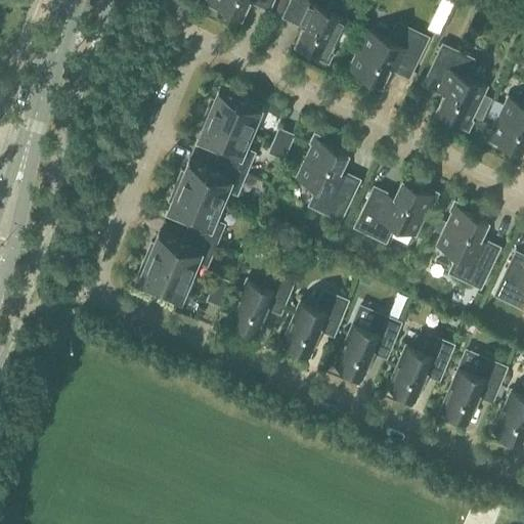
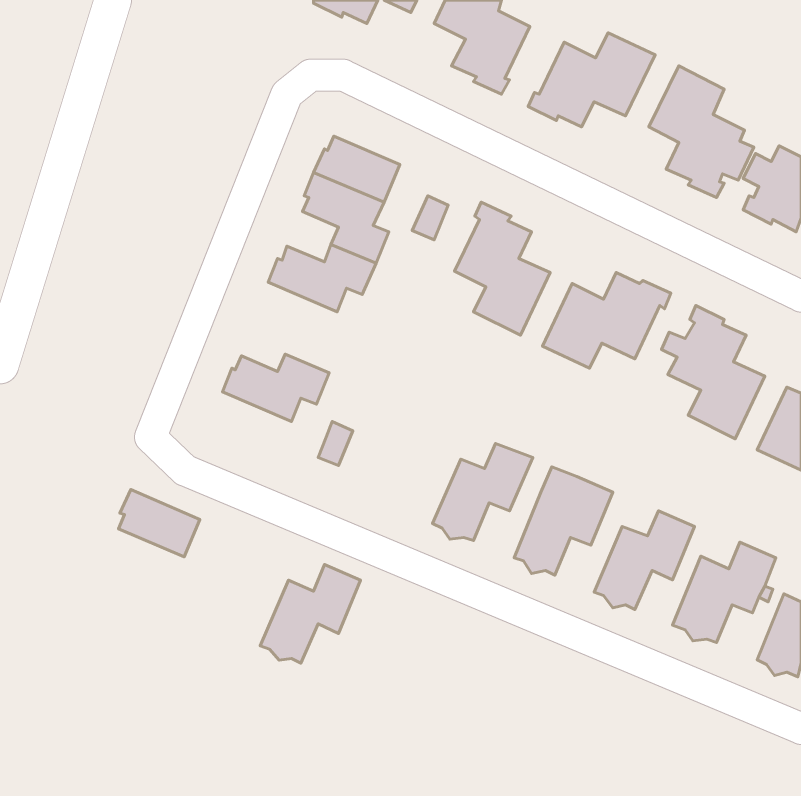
building: [167,187,224,247] -> none
building: [137,259,190,303] -> [118,490,200,557]
building: [229,270,295,335] -> [260,564,361,663]

